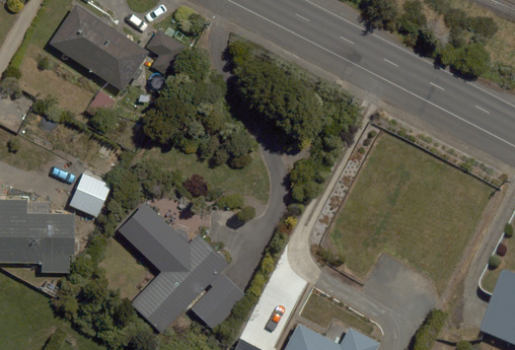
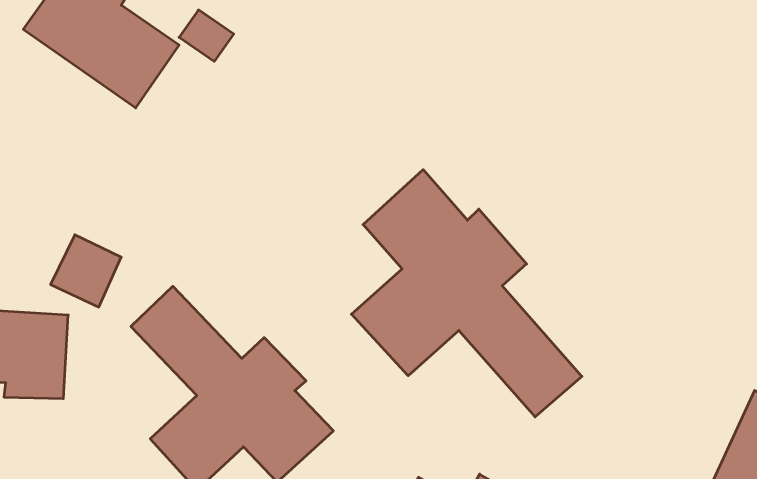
building: none -> [351,170,582,417]

